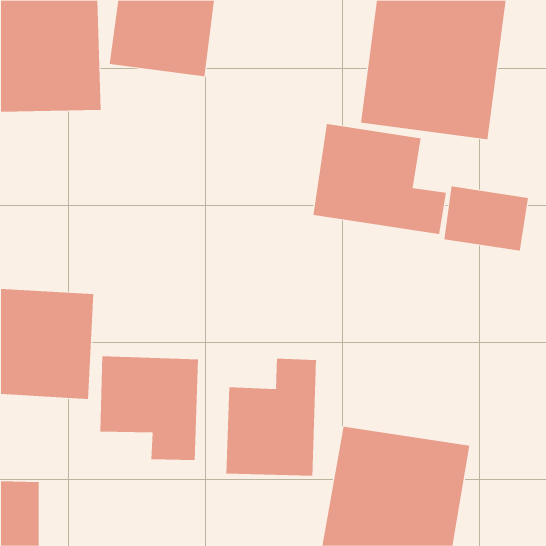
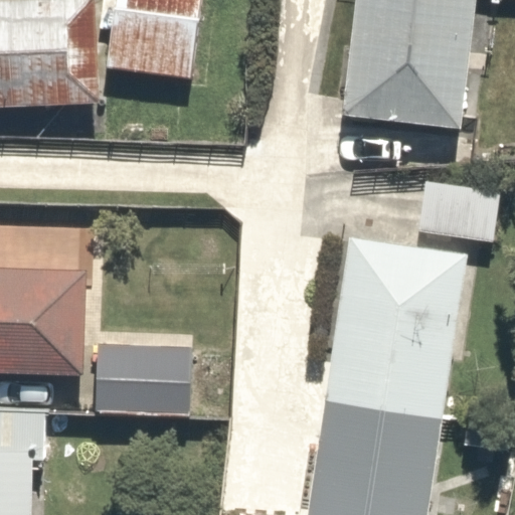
building: [313,123,446,235] -> none
building: none -> [323,232,470,419]
building: [226,358,317,477] -> none

